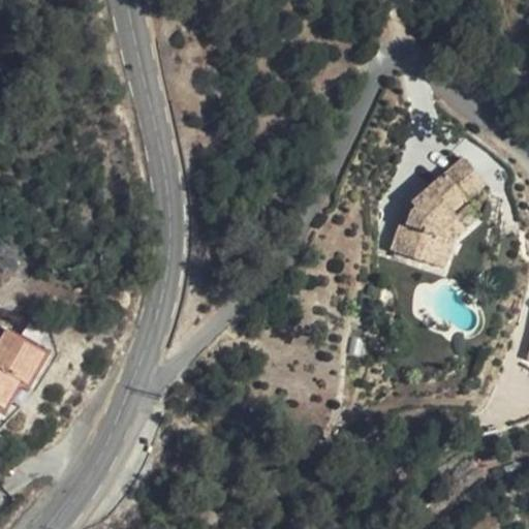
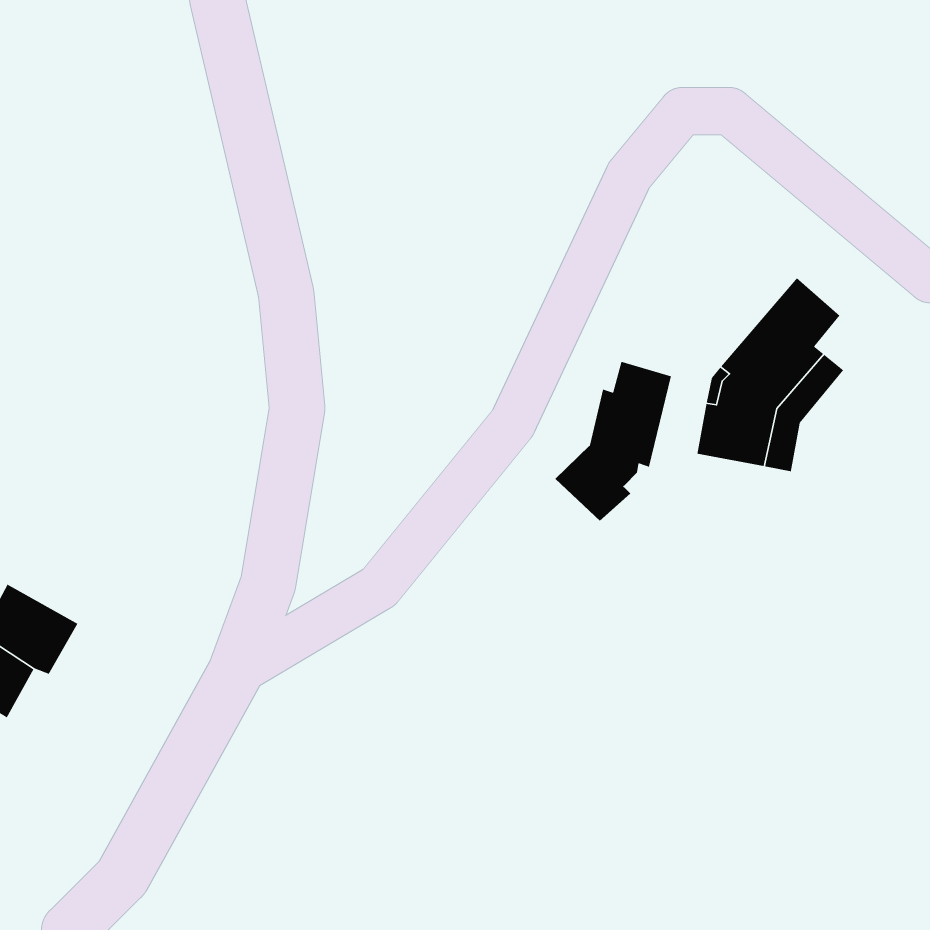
building: none -> [554,361,672,521]

